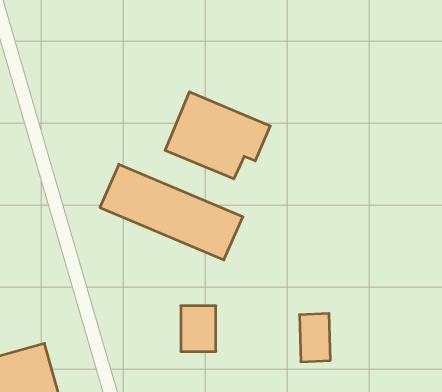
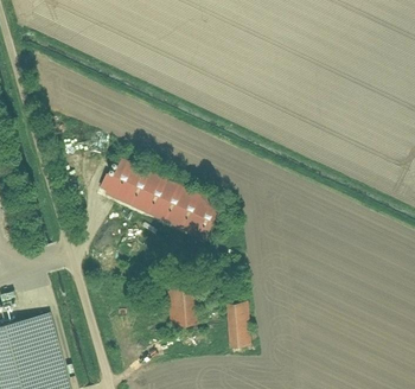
building: [165,92,270,179] -> none
building: [299,313,330,362] -> [225,305,253,347]

